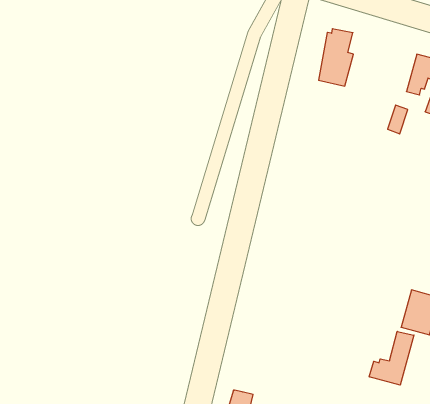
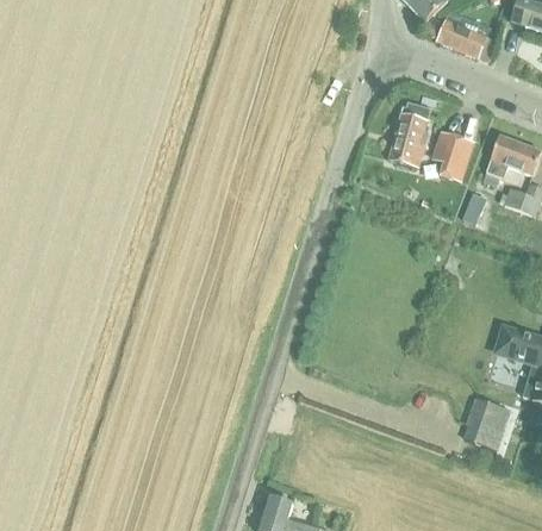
building: none -> [424,129,468,181]
building: [369,331,414,385] -> none

